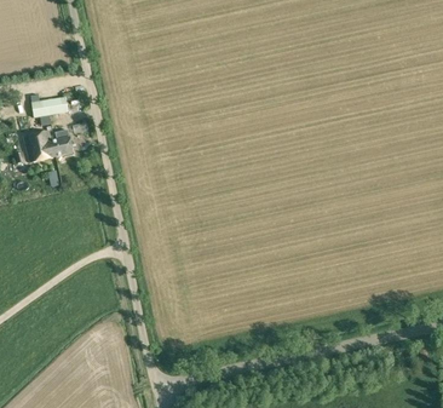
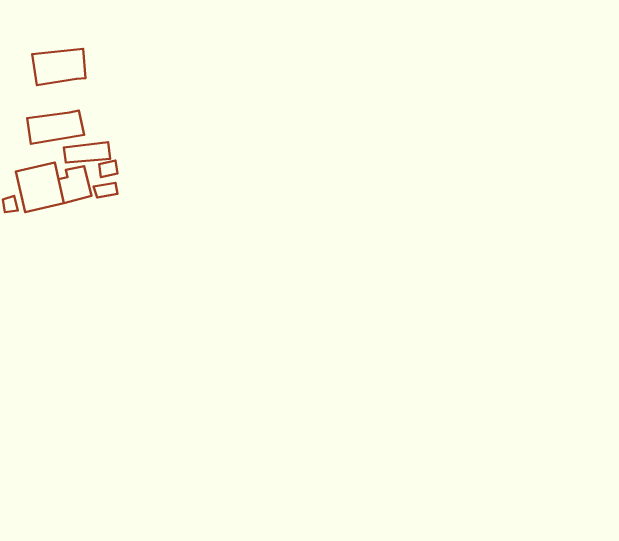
building: none -> [32,49,85,85]

